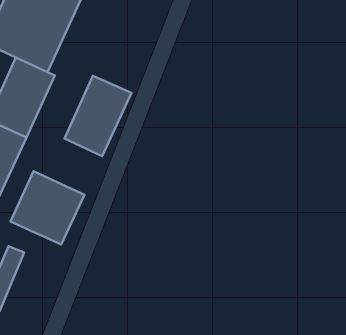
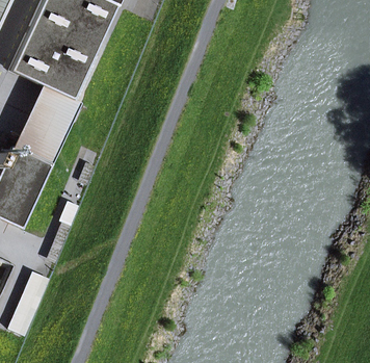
building: [64,76,131,156] -> none
building: [11,171,84,244] -> none

